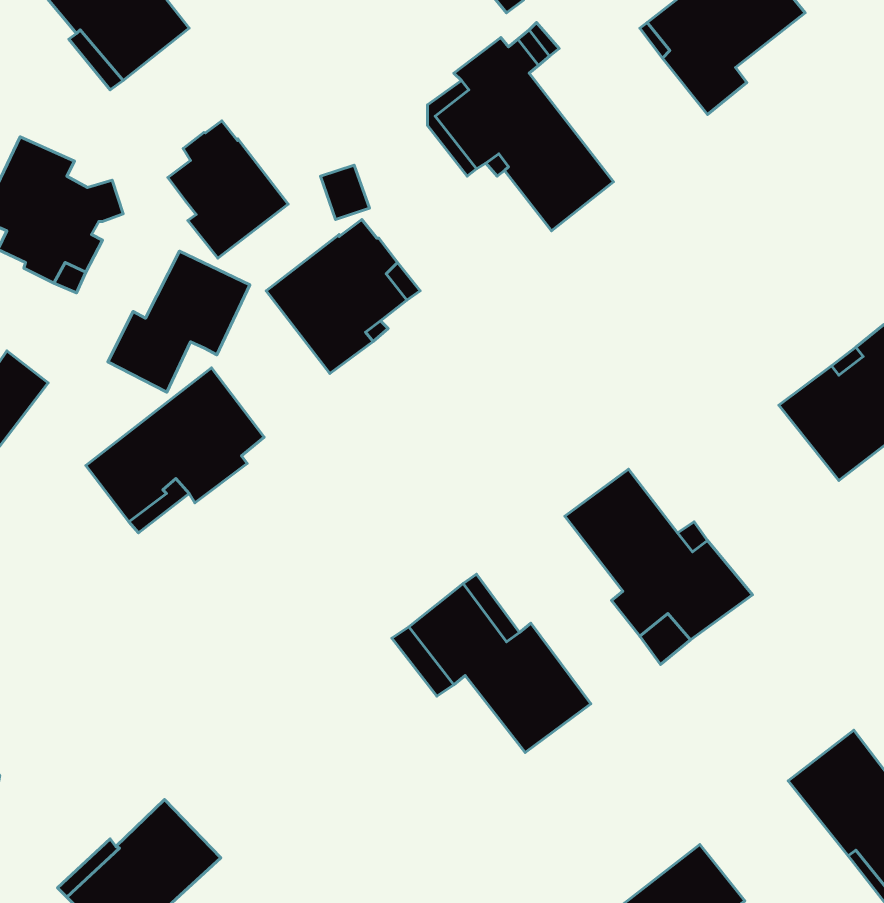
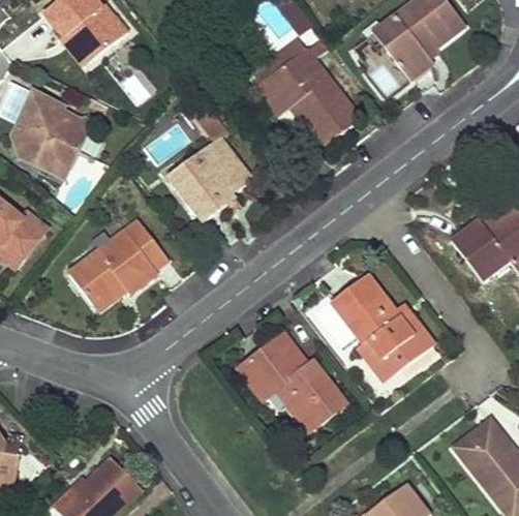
building: [168,121,288,258] -> none
building: [108,251,250,392] -> none

